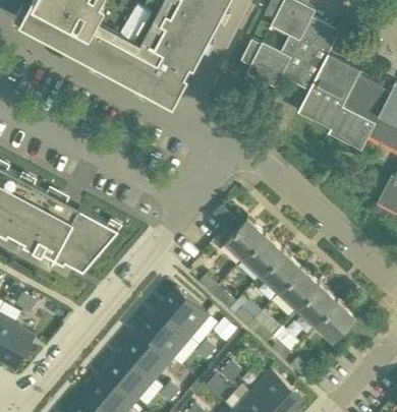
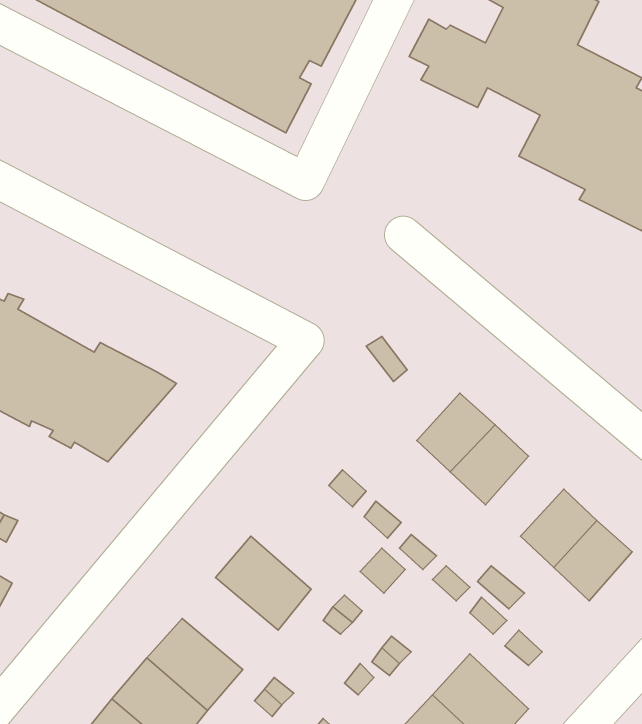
building: [225,219,266,260] -> none
building: [279,269,320,310] -> none
building: [157,289,208,338] -> none
building: [121,332,171,379] -> none

